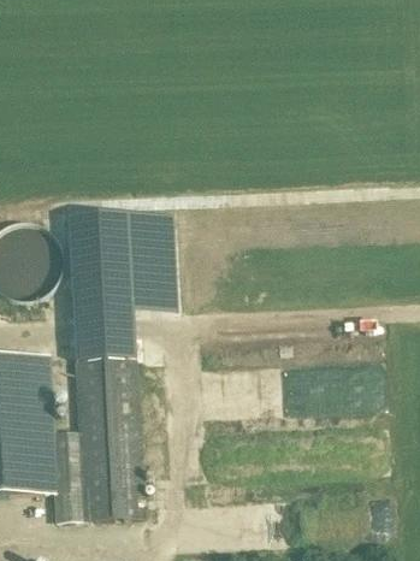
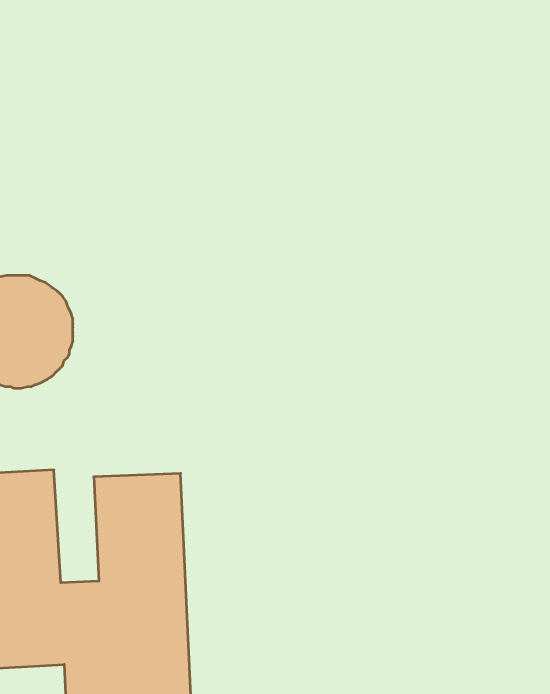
building: [69,212,177,356] -> none

